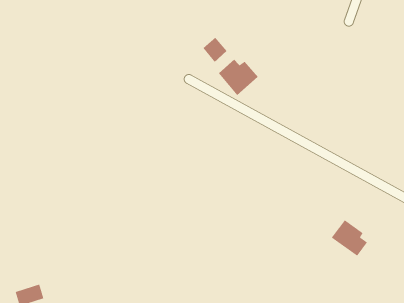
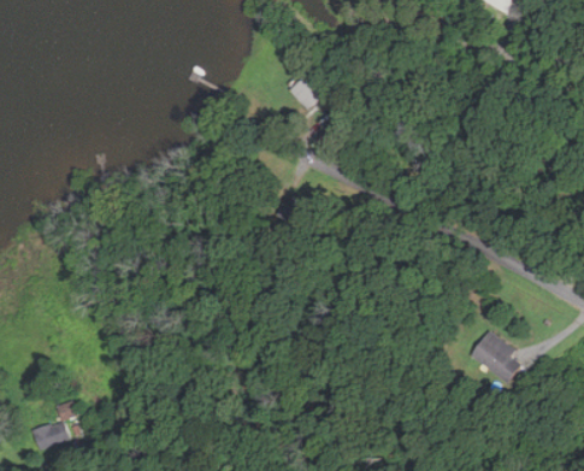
building: [218,59,258,96] -> none

